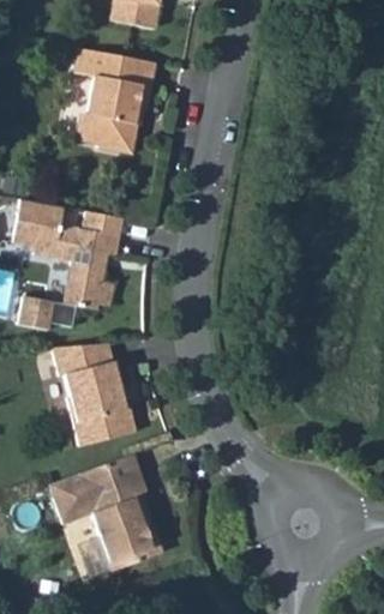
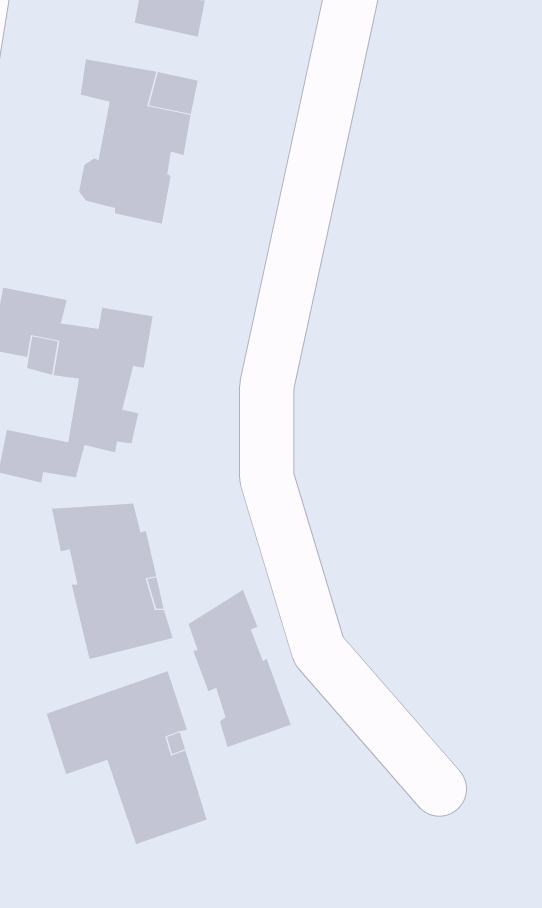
building: none -> [188,589,291,748]

